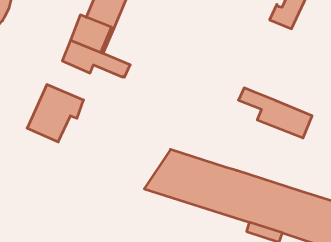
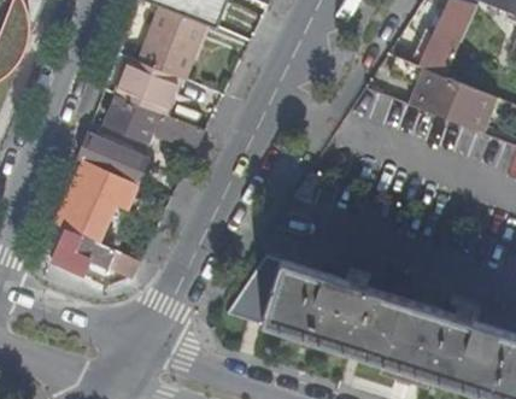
building: none -> [76,133,147,182]
building: [238,88,312,138] -> [387,58,496,131]
building: none -> [43,223,139,276]

